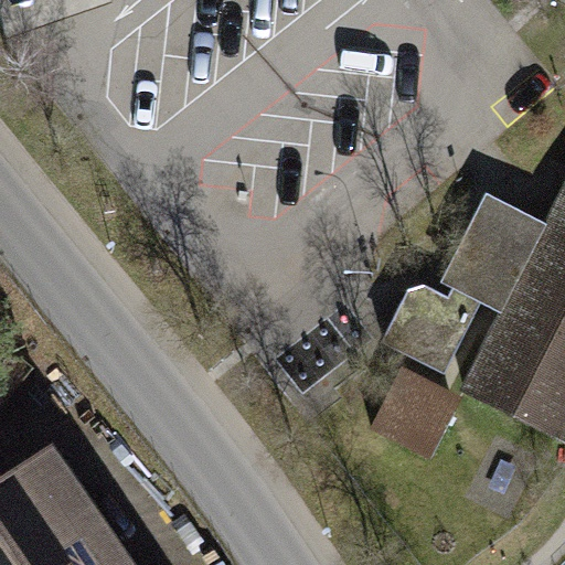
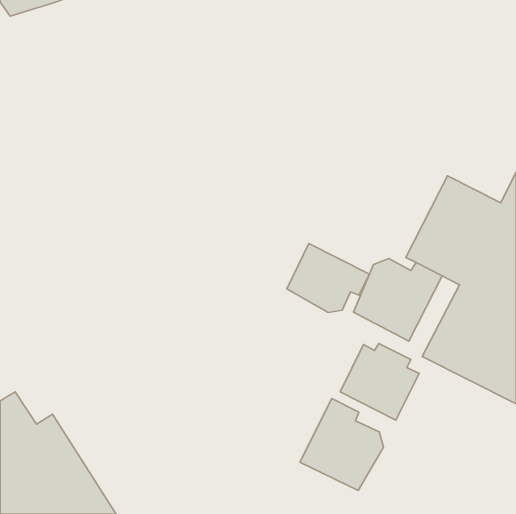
building: none -> [287,243,370,313]
building: none -> [300,398,384,490]

